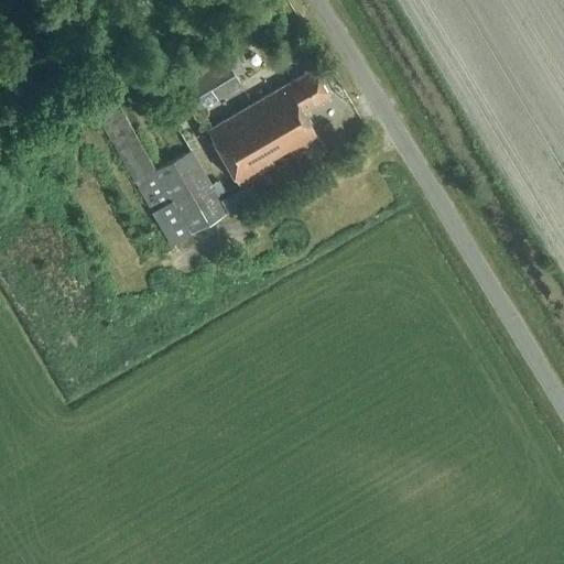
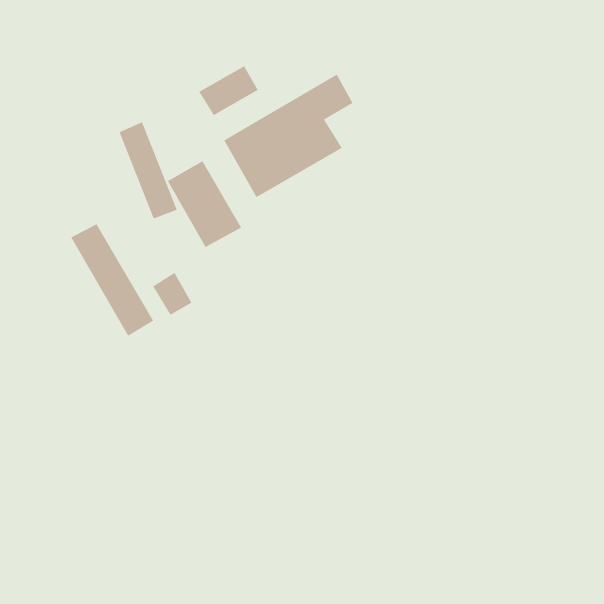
building: [152,205,189,246] -> [152,272,193,316]
building: none -> [70,223,154,337]

